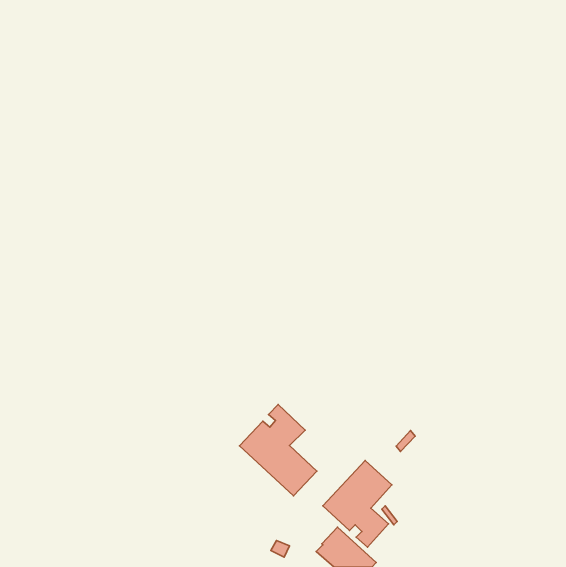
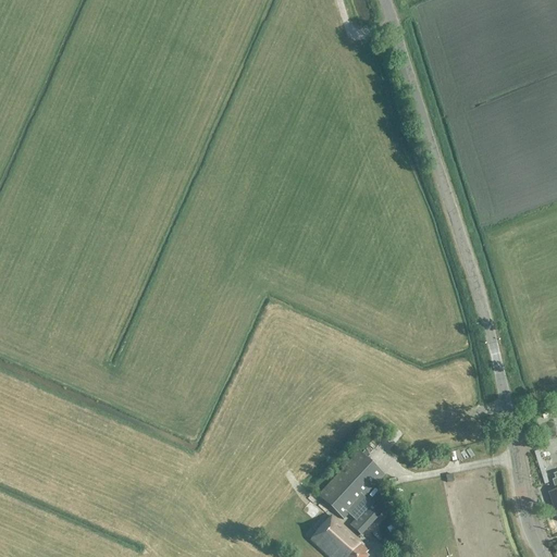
building: [240,404,317,496] -> none

